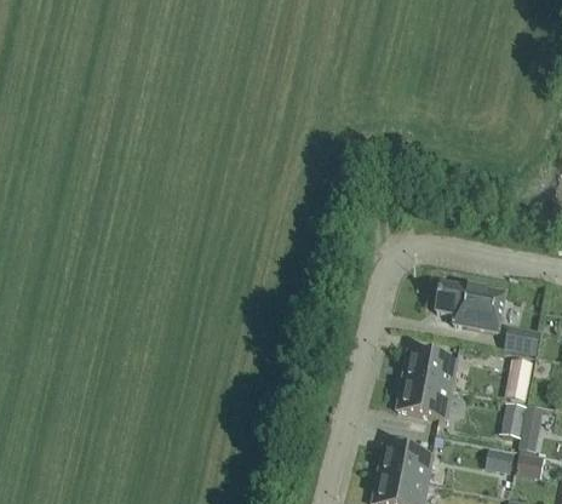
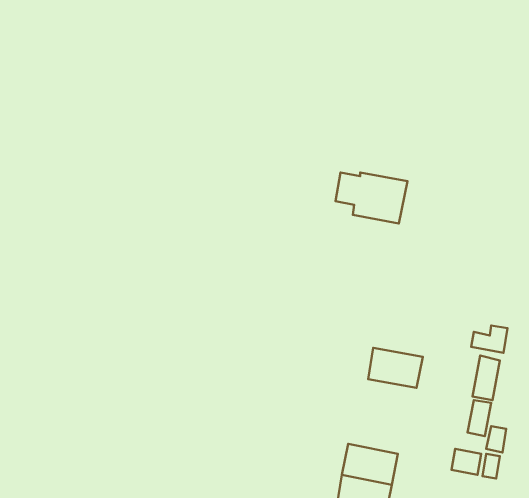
building: [436,281,506,331] -> [335,172,408,223]
building: [397,379,451,418] -> none

